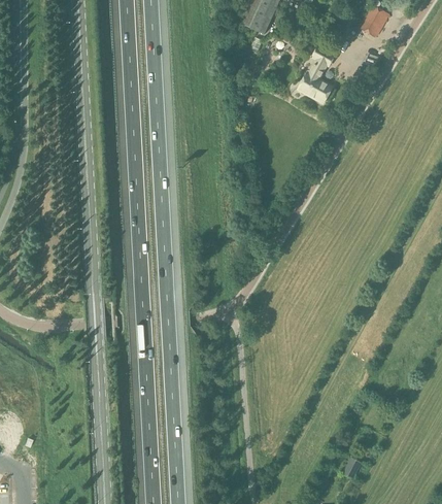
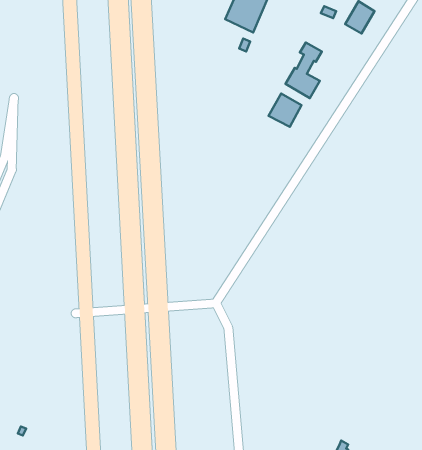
building: none -> [269,94,301,127]

